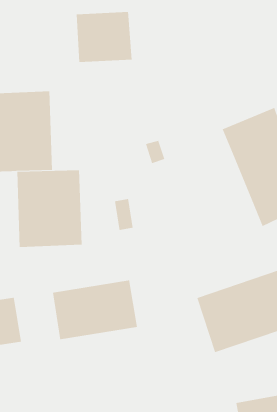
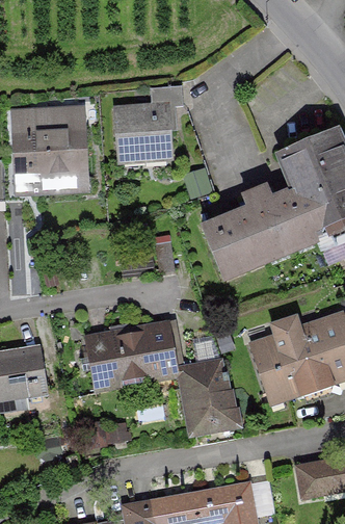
building: [76,12,132,63] -> [113,106,178,164]
building: none -> [200,180,314,276]
building: [17,170,82,248] -> none
building: none -> [184,359,236,438]

